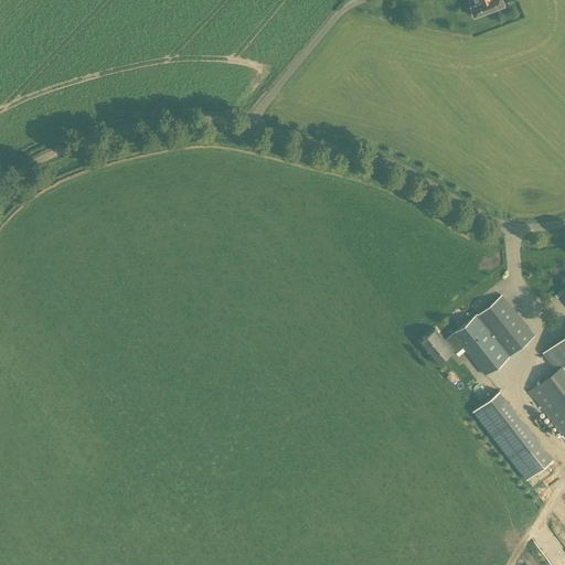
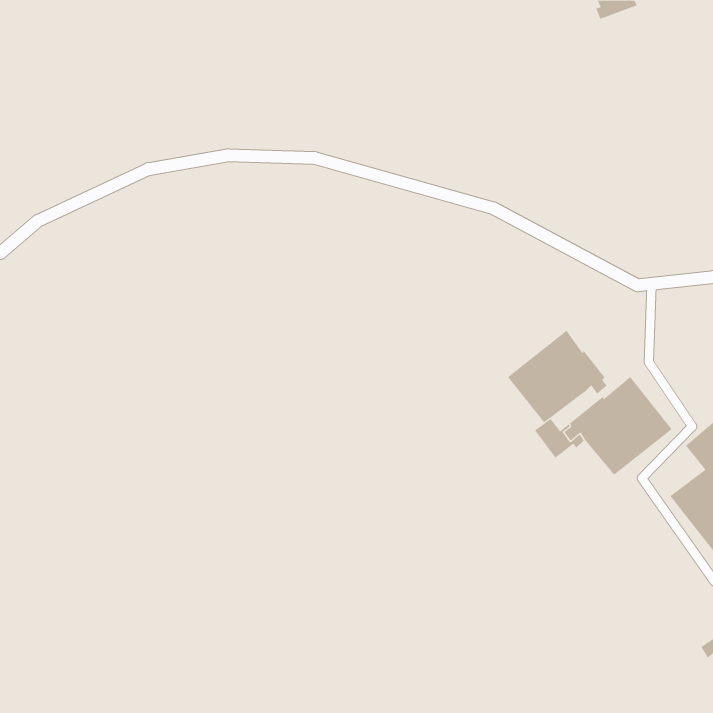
building: none -> [507,330,607,423]
building: [472,391,554,481] -> none

